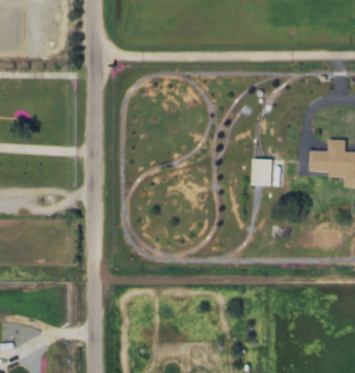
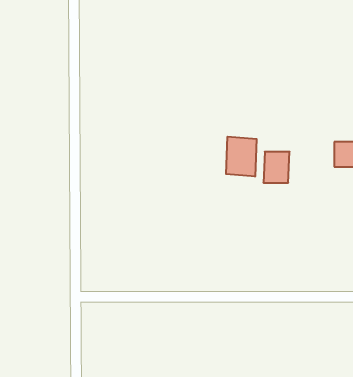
building: none -> [226,137,257,177]

